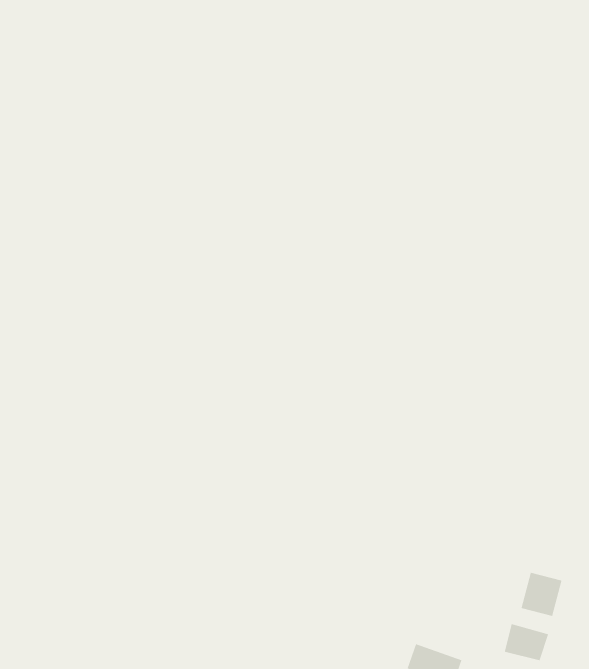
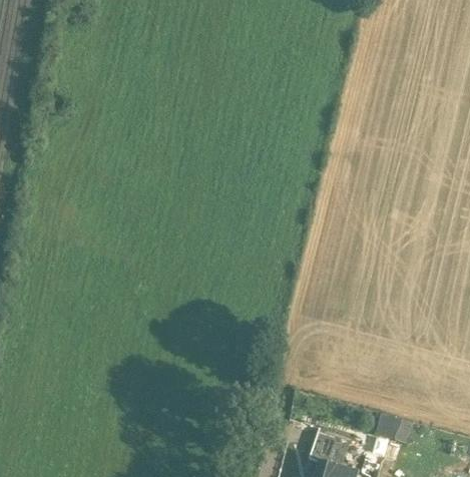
building: [520,572,562,617] -> none

